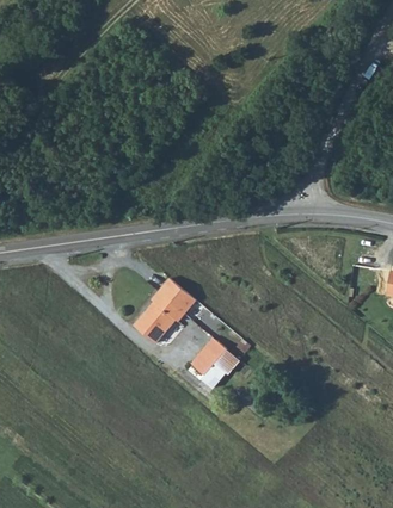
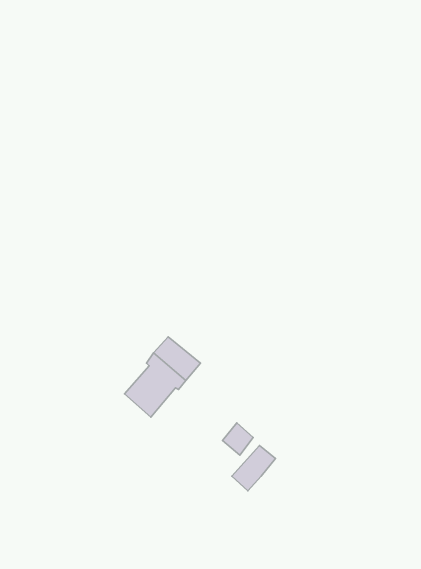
building: [189,336,225,373] -> [232,445,276,491]

